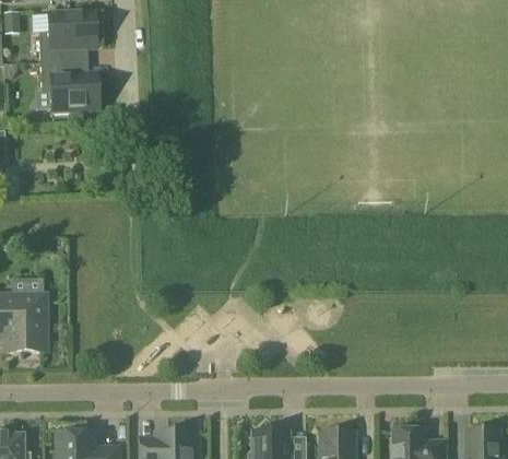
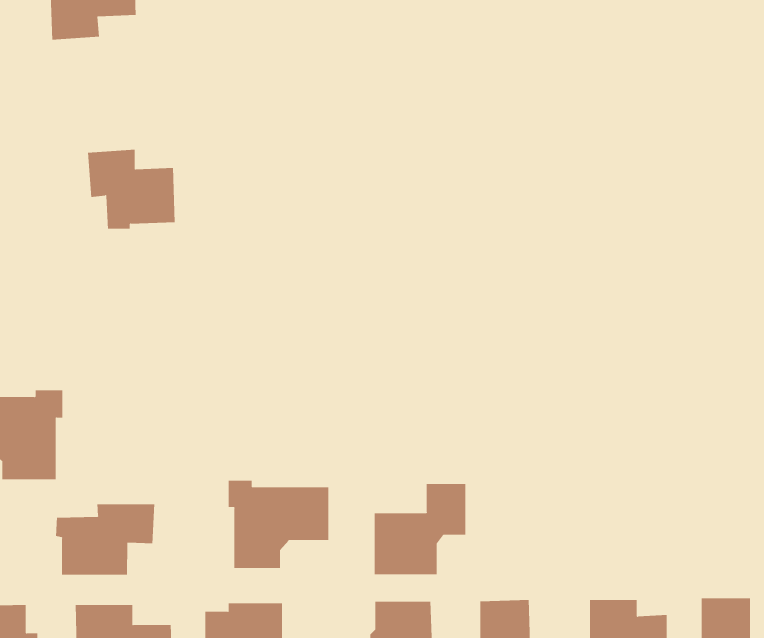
building: [39,59,97,111] -> [87,149,176,229]
building: none -> [228,480,329,569]
building: none -> [374,483,466,575]
building: none -> [55,504,155,576]

